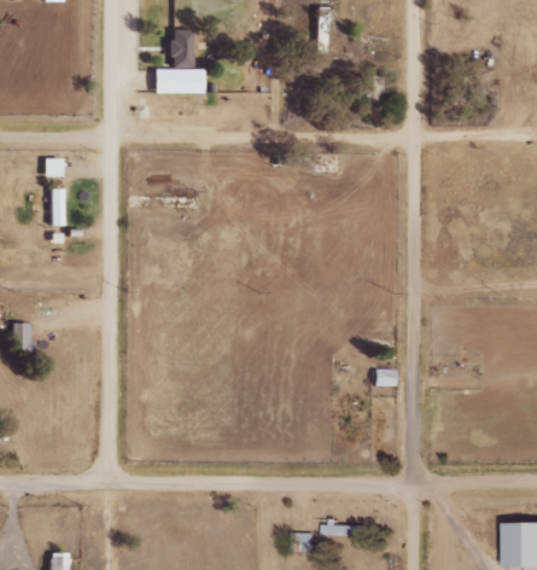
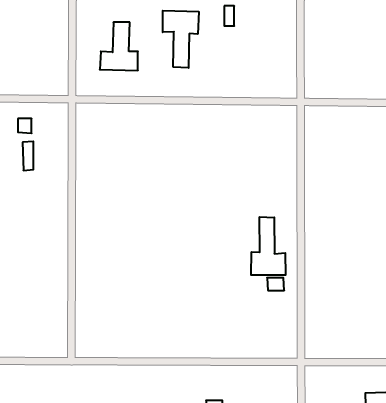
building: none -> [163,11,199,68]
building: none -> [251,217,286,275]

